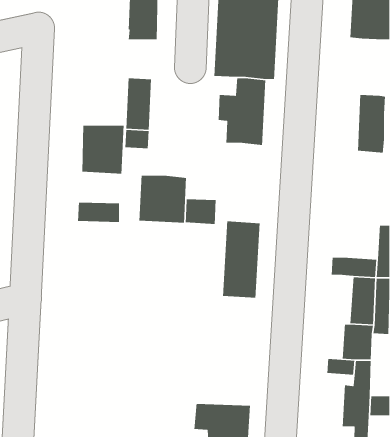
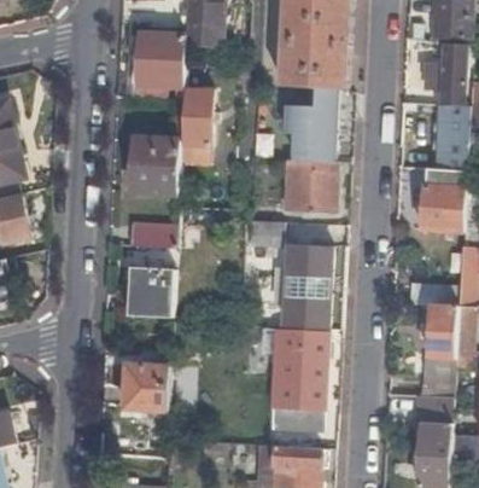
building: none -> [130,35,186,100]
building: none -> [422,45,466,106]
building: none -> [419,168,466,231]
building: [139,175,187,223] -> [282,159,335,213]
building: none -> [129,267,175,316]
building: none -> [271,330,325,429]
building: none -> [124,364,170,409]

